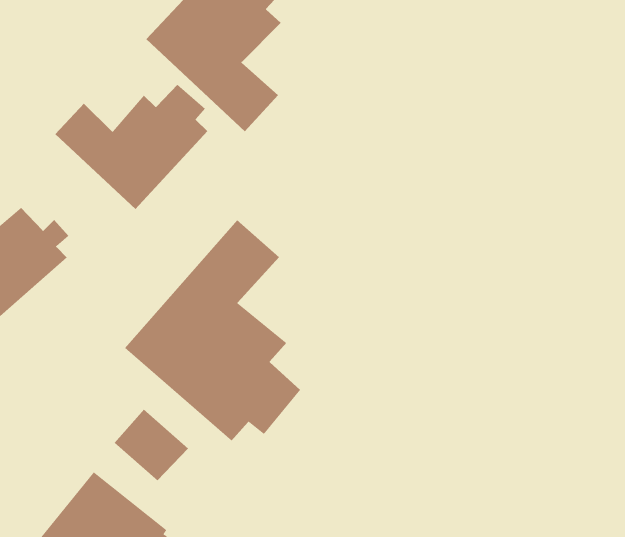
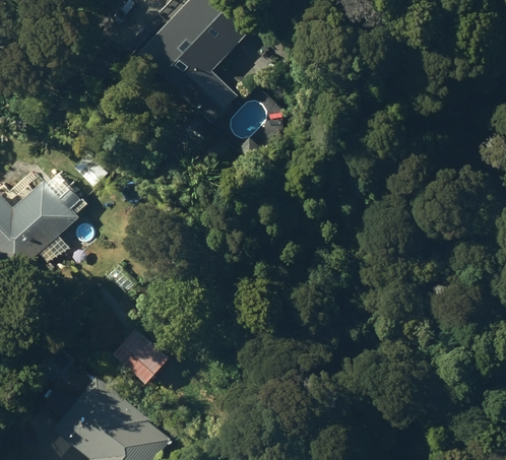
building: [54,84,208,210] -> none
building: [124,219,301,441] -> none

